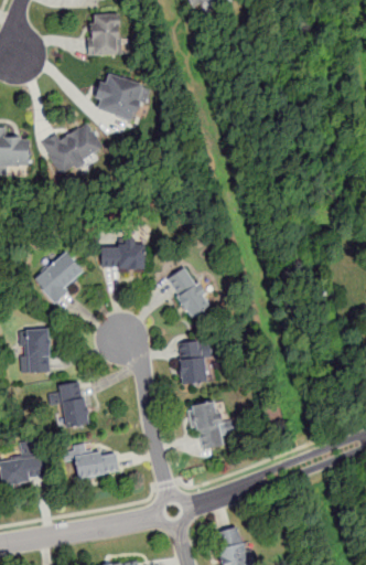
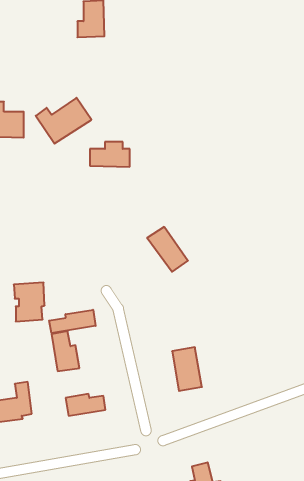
building: [97,75,146,121] -> none
building: [101,238,146,266] -> [90,142,130,167]
building: [35,253,84,299] -> none
building: [179,340,211,384] -> none
building: none -> [49,310,96,333]

